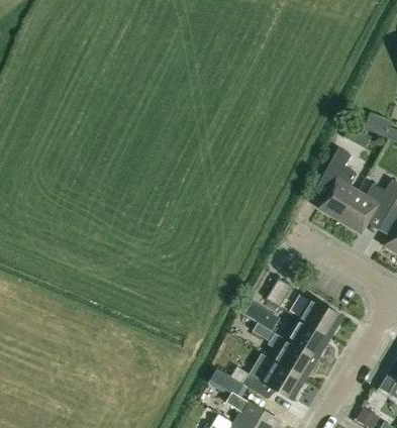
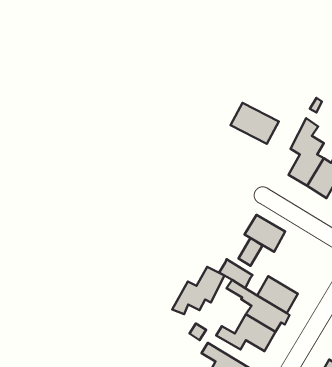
building: none -> [230,103,279,144]
building: [298,298,342,338] -> [244,215,285,252]
building: none -> [172,267,224,314]

